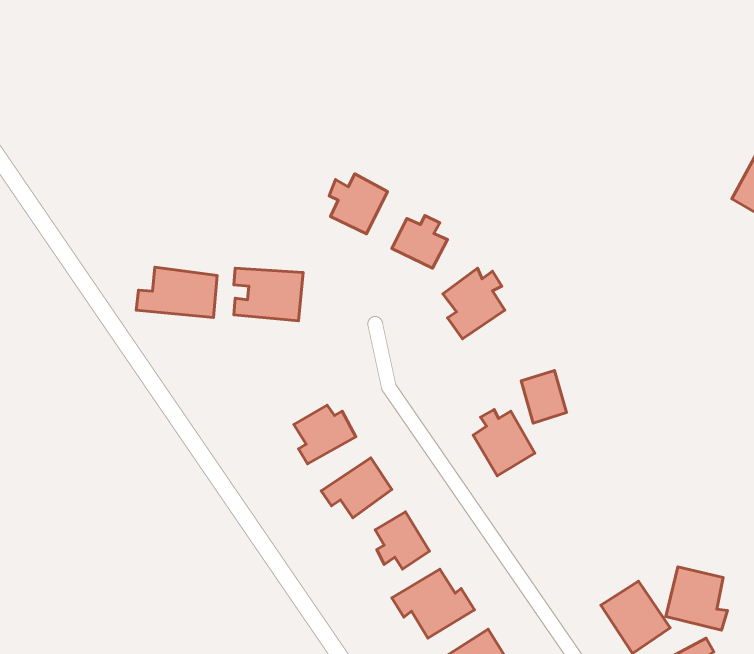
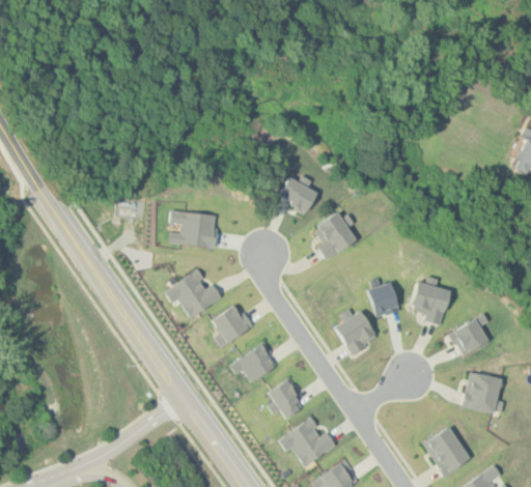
building: [329,174,388,234] -> none
building: [136,267,217,318] -> none
building: none -> [165,269,222,319]
building: none -> [411,277,450,325]
building: none -> [449,313,488,355]
building: [666,567,728,630] -> [463,371,505,414]

